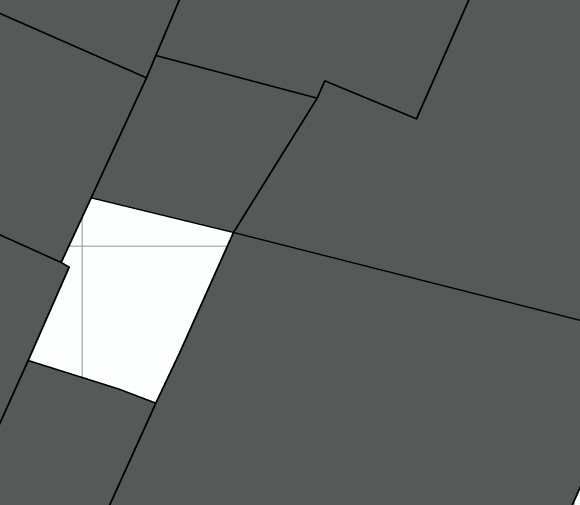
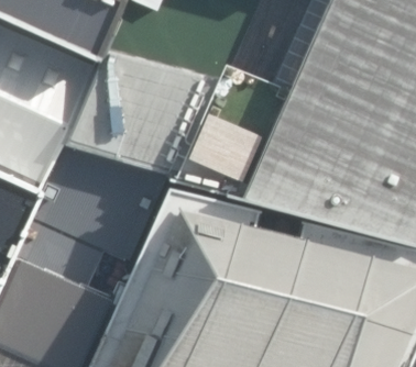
building: none -> [21,148,164,281]

